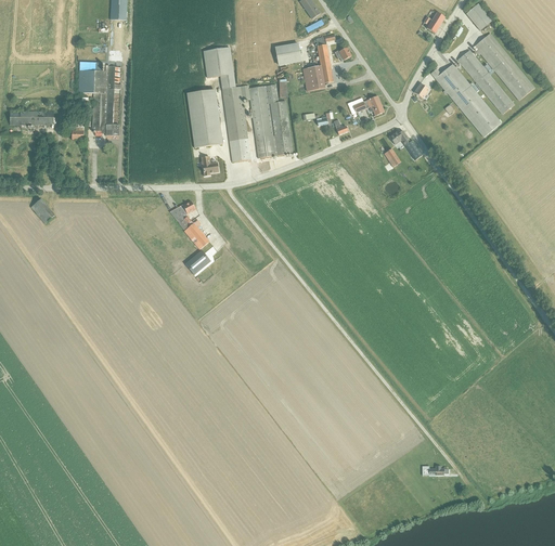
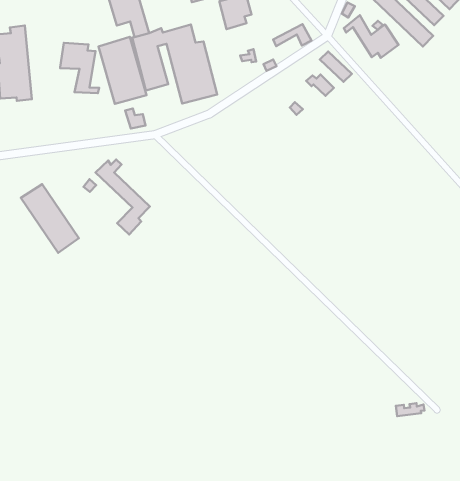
building: none -> [60,43,99,93]
building: none -> [344,15,398,58]
building: none -> [21,184,79,253]

